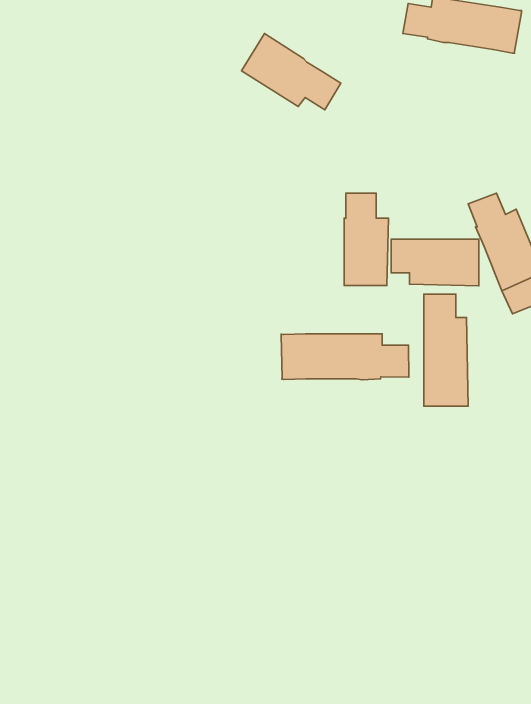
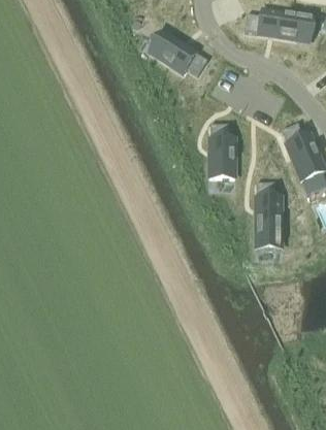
building: [391,239,479,286] -> none
building: [281,334,409,380] -> none

